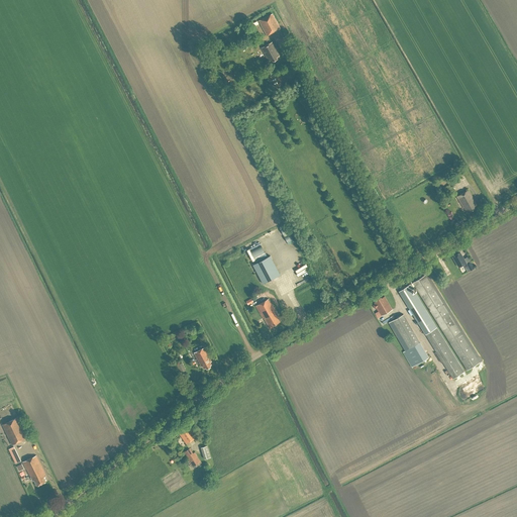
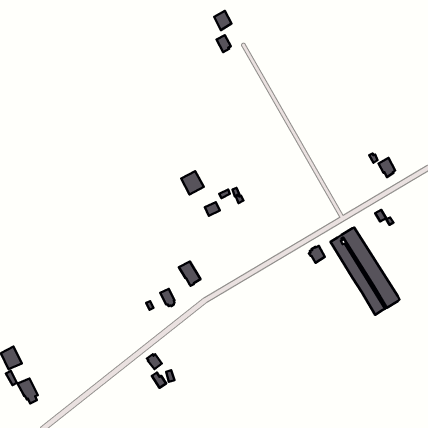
building: [251,256,279,285] -> [181,171,204,194]
building: [254,300,281,329] -> [179,261,201,286]
building: [388,315,427,368] -> none

